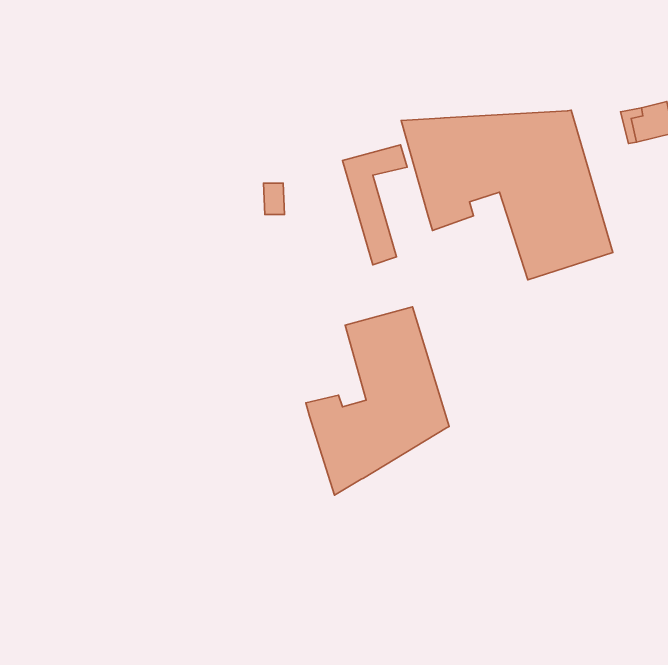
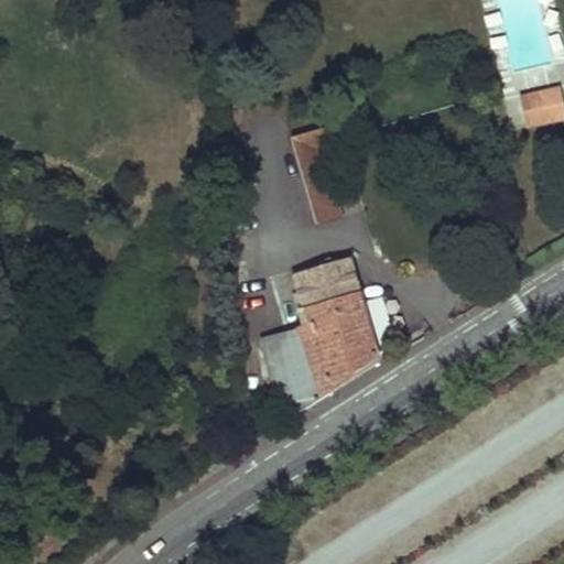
building: [401,110,613,280] -> none

